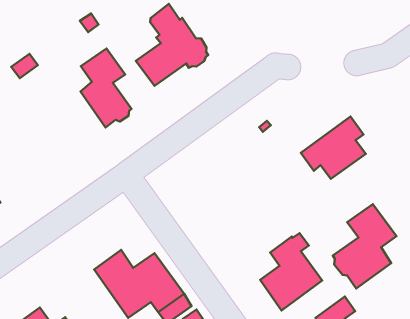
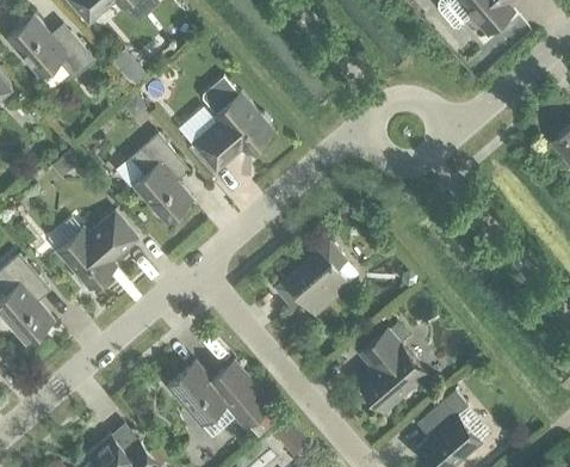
building: none -> [56,210,138,289]
building: [301,117,366,179] -> [277,241,351,314]
building: [333,204,396,289] -> none

